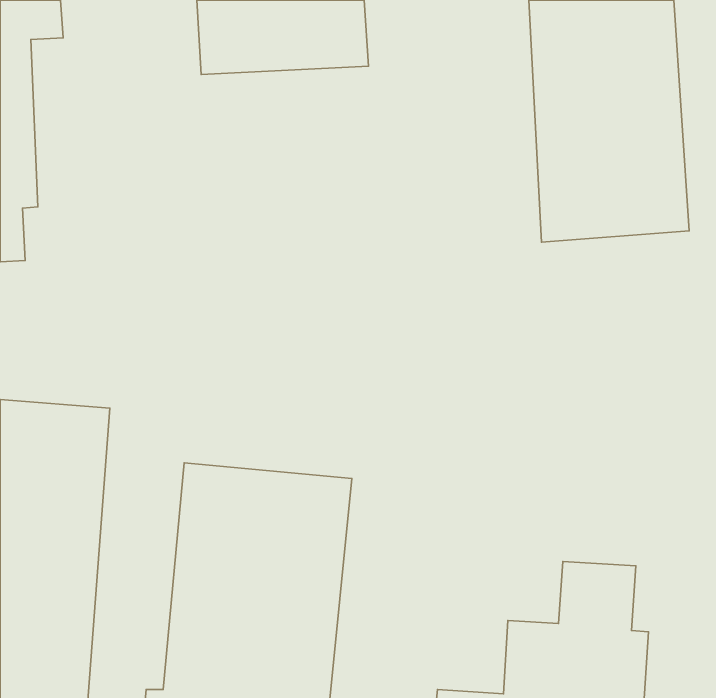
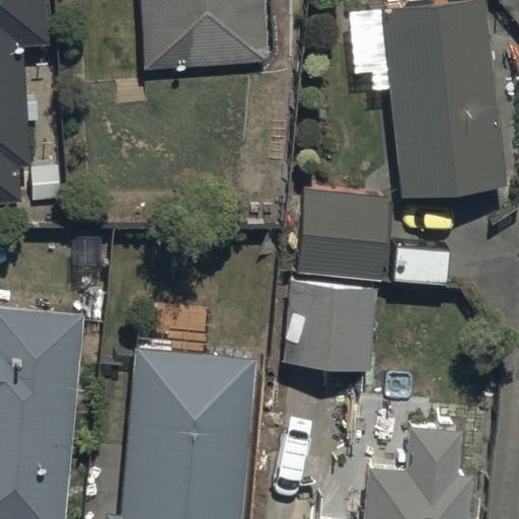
building: none -> [285,195,389,371]

